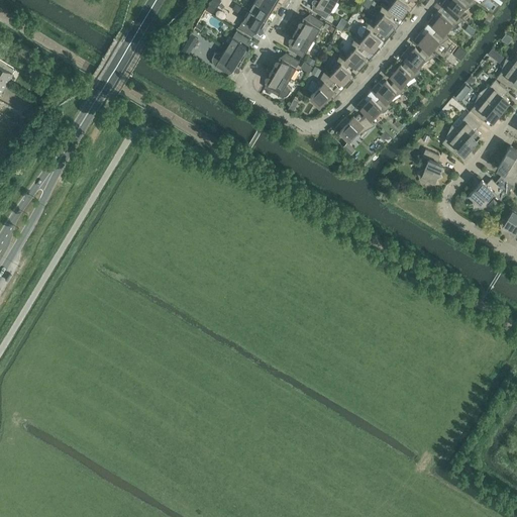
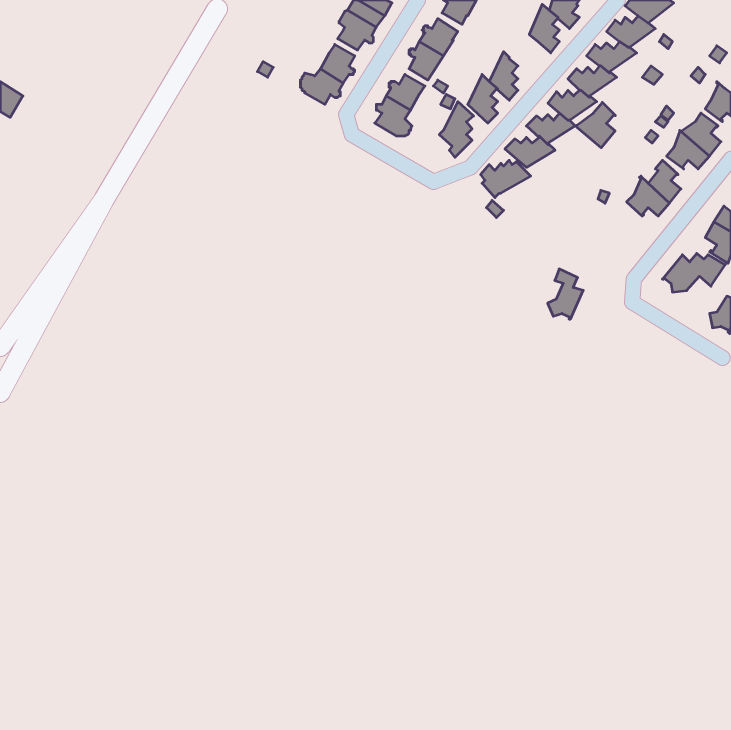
building: [357,21,381,56] -> none
building: none -> [575,102,615,148]
building: [418,149,443,185] -> [548,269,583,319]

